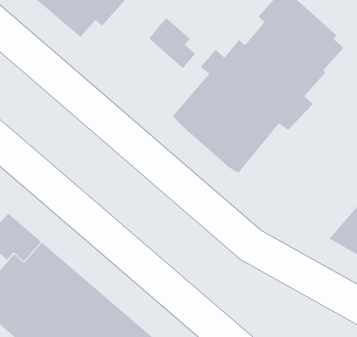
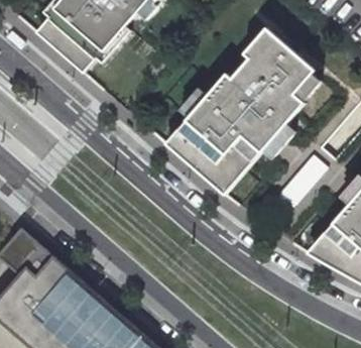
building: [148,17,196,69] -> none

